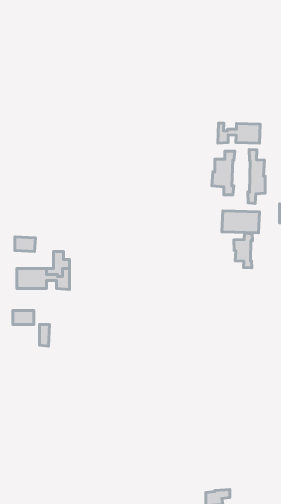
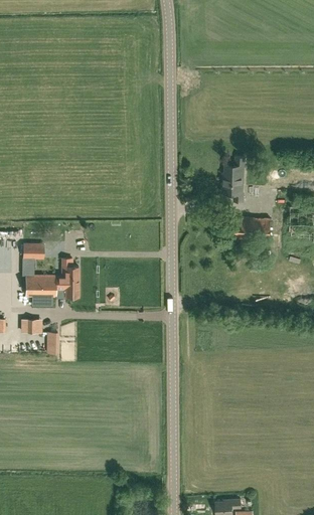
building: [218,123,260,143] -> none
building: [248,149,265,203] -> none
building: [234,233,253,268] -> none

